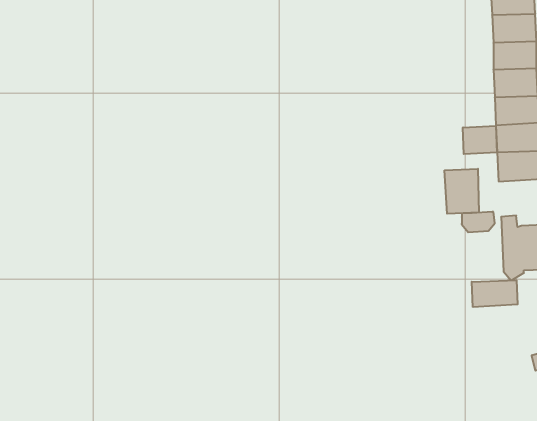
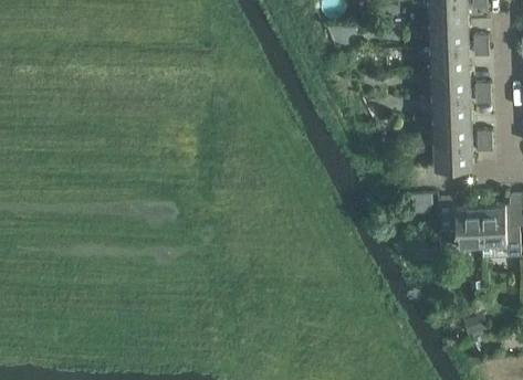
building: [463,126,497,154] -> none
building: [445,169,479,214] -> none
building: [472,280,518,307] -> none

